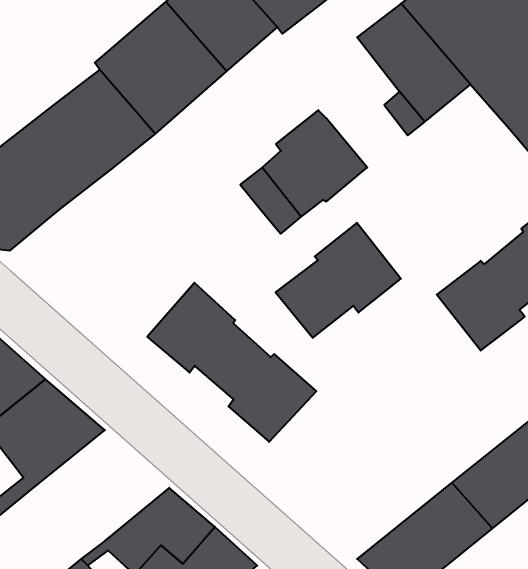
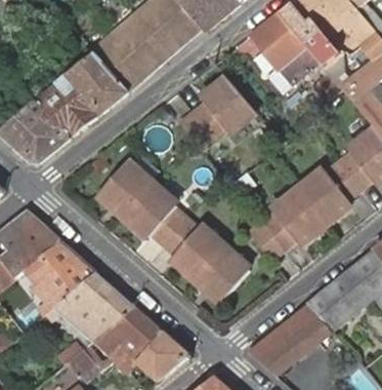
building: [276,223,401,338] -> [249,190,325,260]
building: none -> [98,161,152,216]
building: none -> [197,248,250,302]
building: none -> [55,272,136,341]

